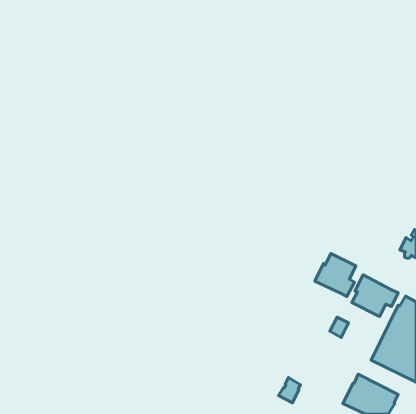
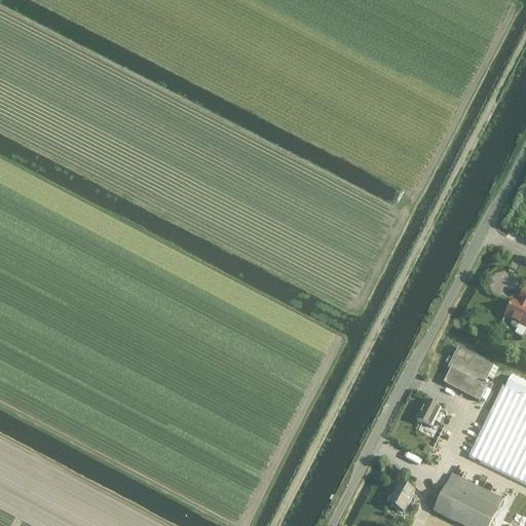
building: [315,253,356,297] -> none
building: [279,378,301,403] -> [386,481,414,513]

